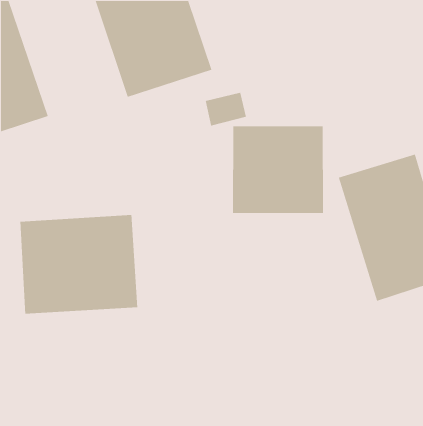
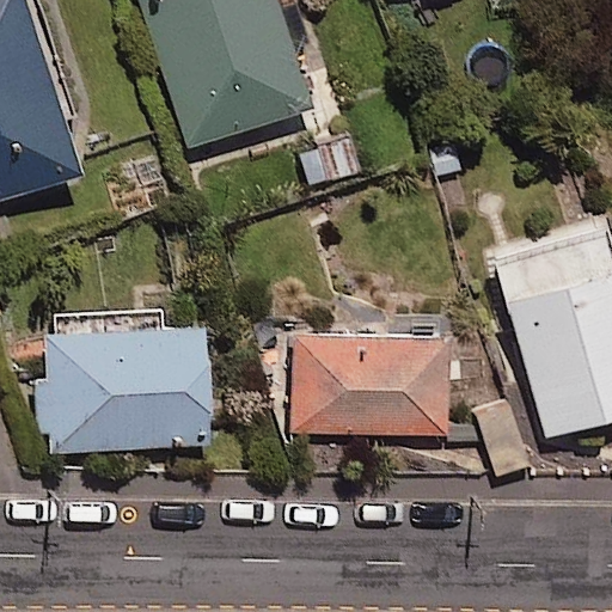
building: [232,126,324,214] -> none
building: none -> [295,339,452,439]

